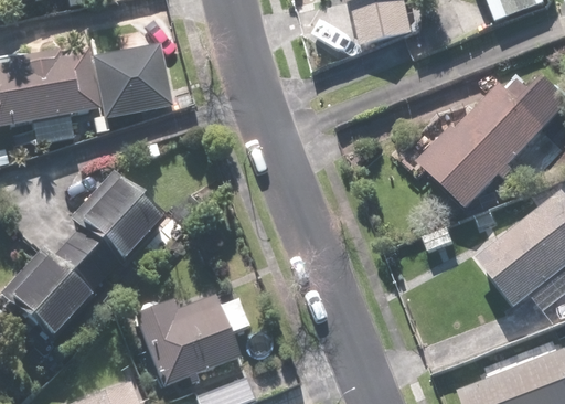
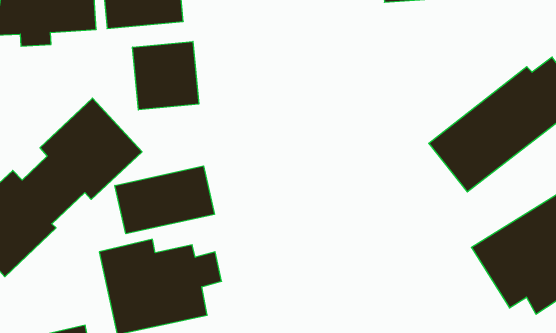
building: none -> [133,41,199,110]
building: none -> [115,166,214,234]

